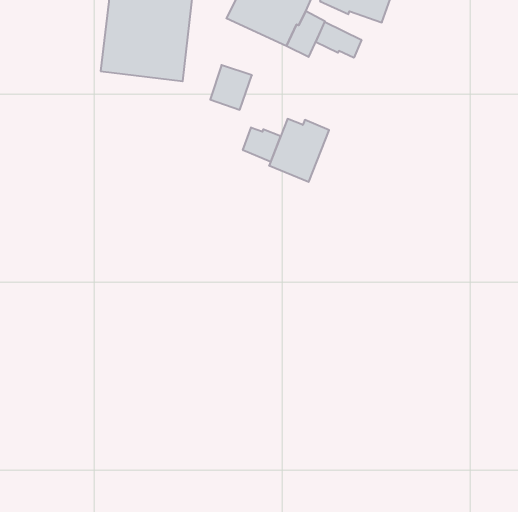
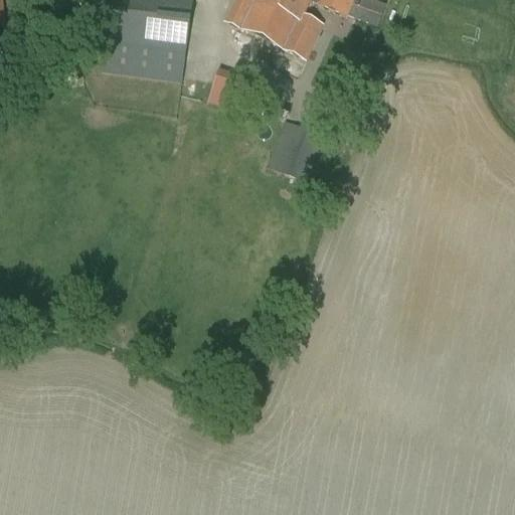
building: [316,22,361,58] -> none
building: [243,127,280,162] -> none

